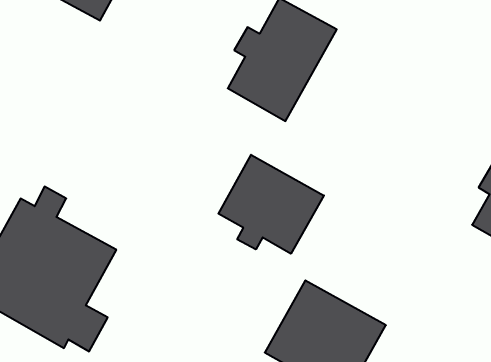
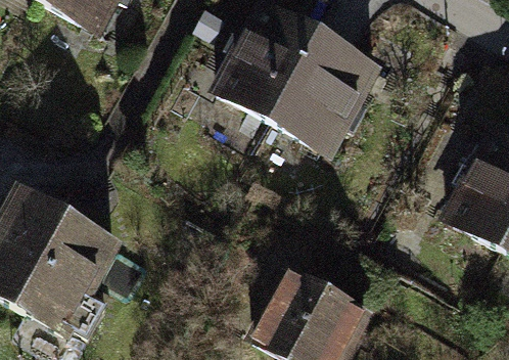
building: none -> [271,35,376,151]
building: [218,155,324,254] -> none

